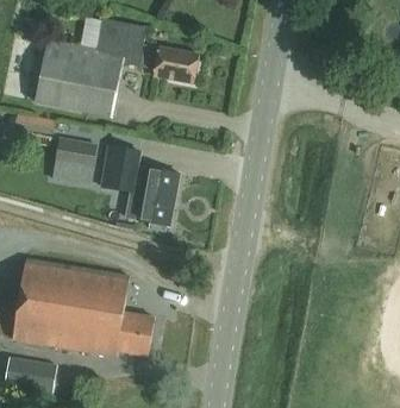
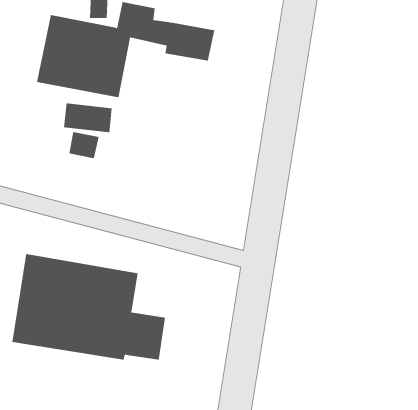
building: [101,145,179,225] -> none
building: [18,359,56,394] -> none

